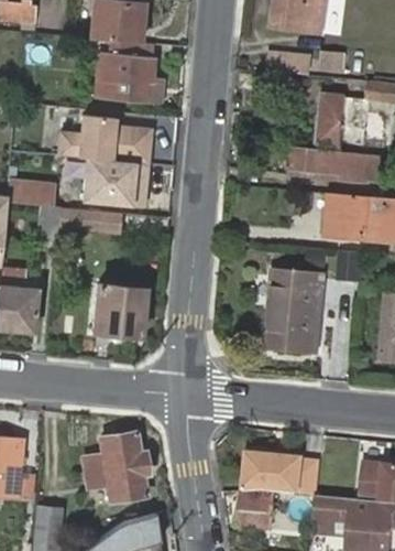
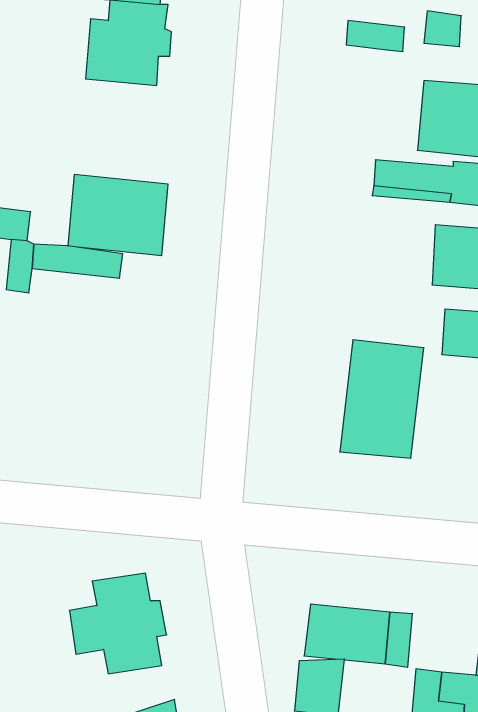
building: [56,116,153,165] -> none
building: [90,283,142,335] -> none

